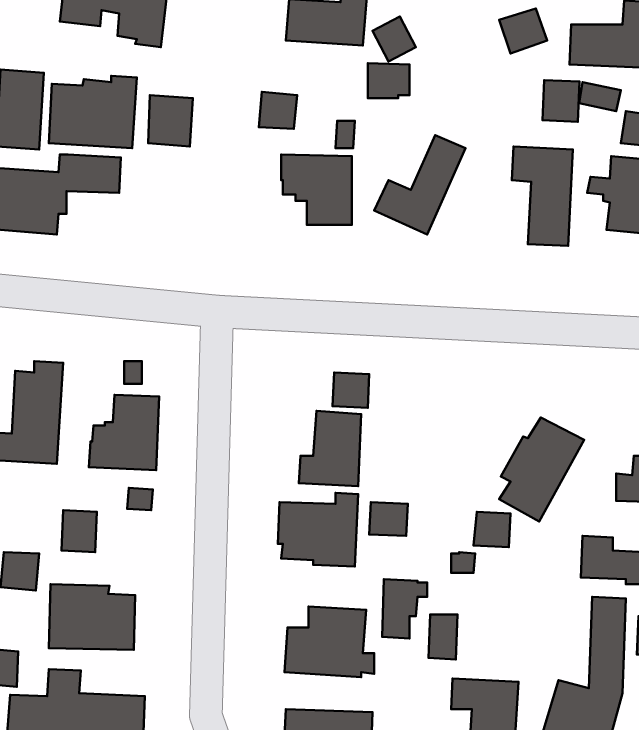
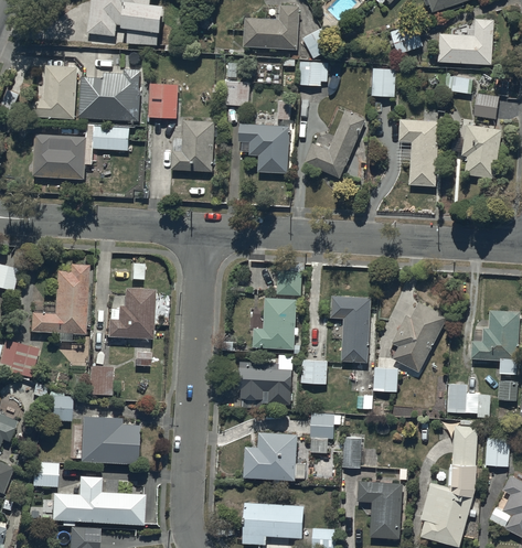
building: [542,80,579,122] -> [371,66,396,95]
building: none -> [170,117,215,170]
building: none -> [330,297,370,363]

